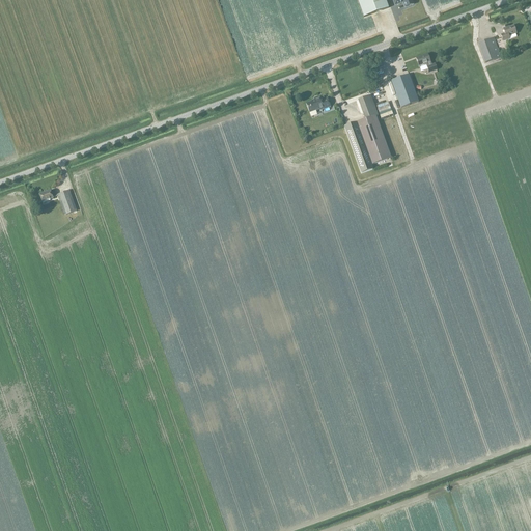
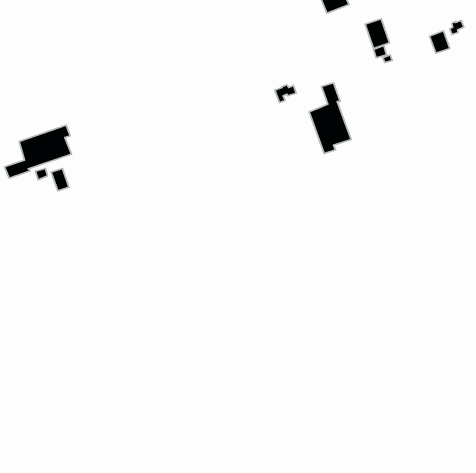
building: [391,72,418,105] -> [365,19,389,49]
building: none -> [5,125,71,178]

